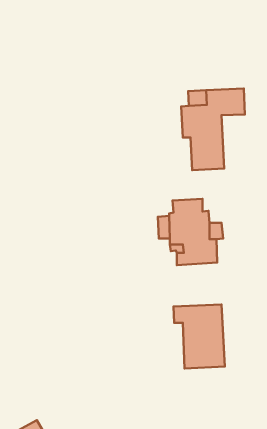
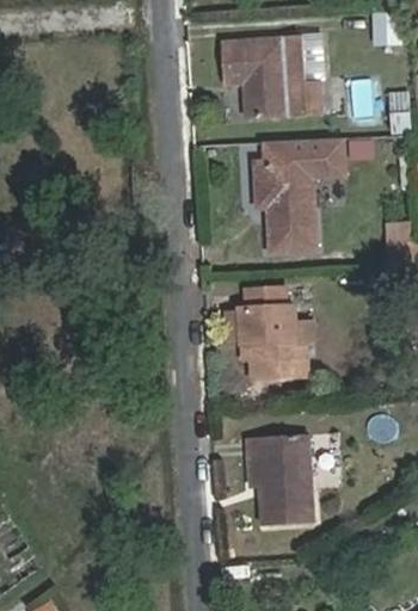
building: none -> [221,35,321,121]

